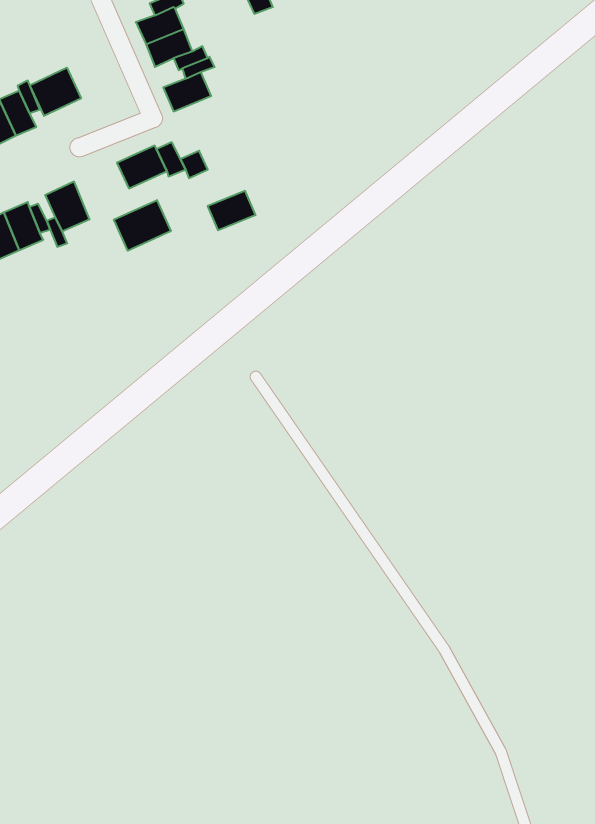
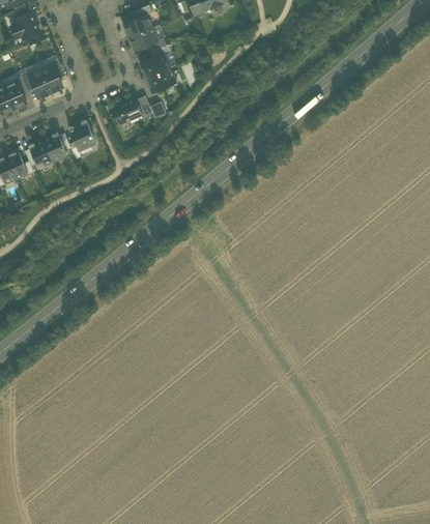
building: [30,68,81,116] -> none
building: [208,191,256,230] -> [145,68,174,92]
building: [114,200,171,251] -> none

